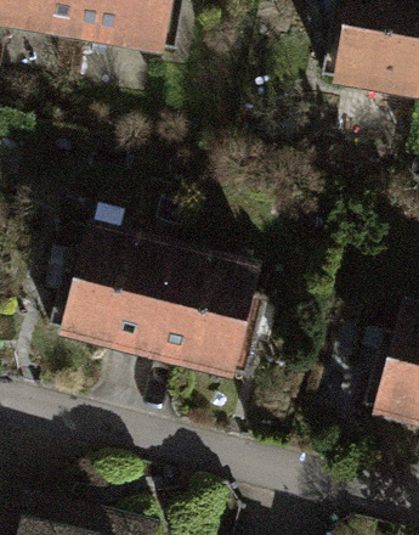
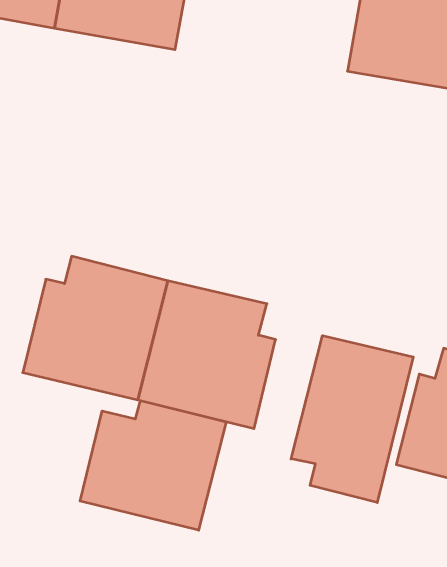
building: none -> [291,336,413,503]
building: none -> [80,401,226,530]

